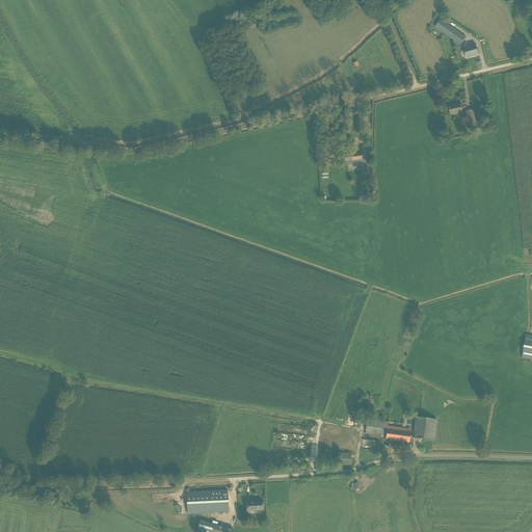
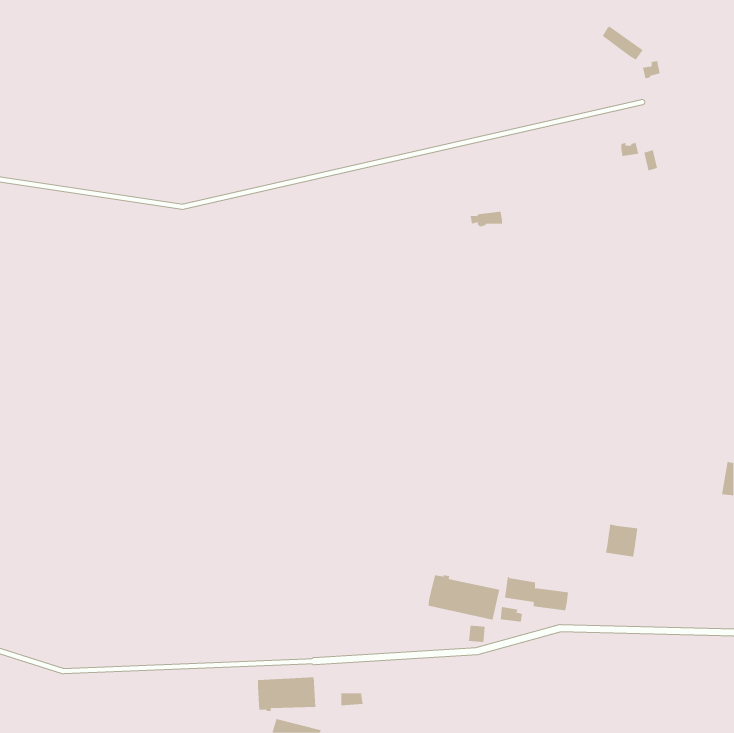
building: none -> [428,574,500,621]
building: [413,416,436,440] -> [605,524,638,557]

